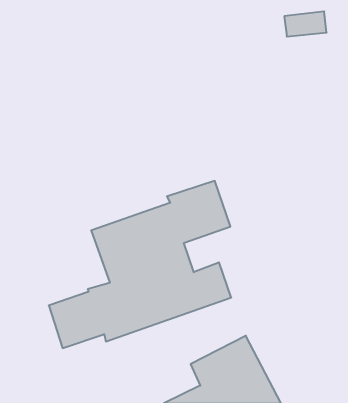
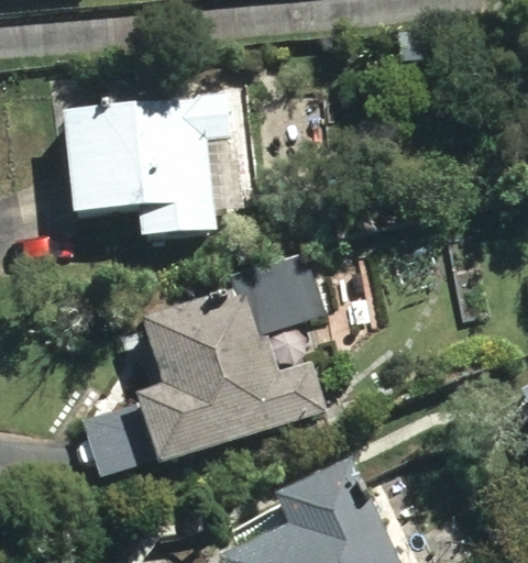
building: none -> [59,93,233,236]

